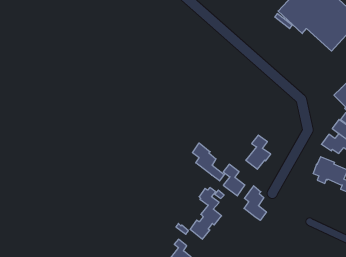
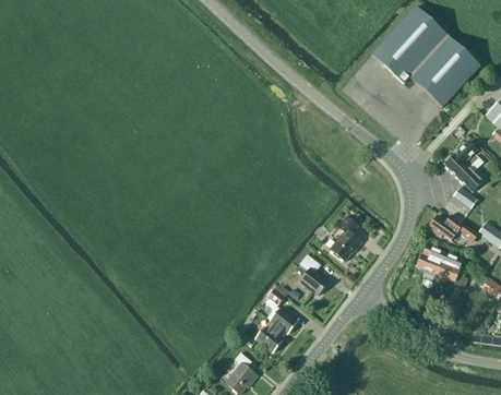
building: [192,143,224,181] -> none
building: [244,186,266,220] -> none

